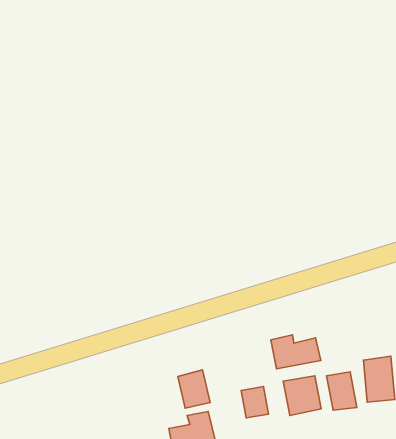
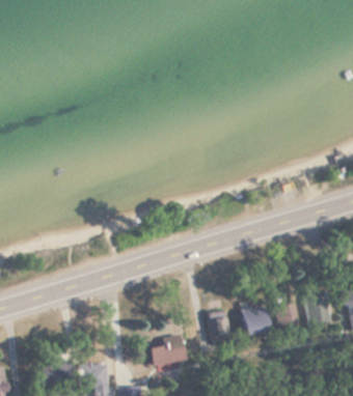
building: [271,335,321,369] -> none
building: [178,370,210,408] -> none

